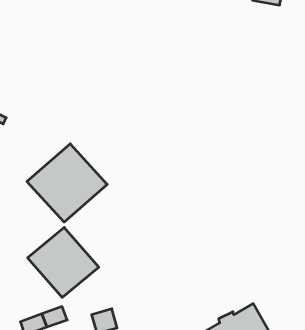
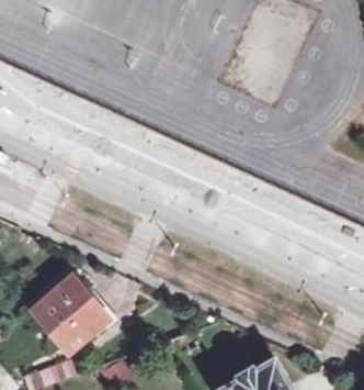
building: [27,144,107,222] -> none

